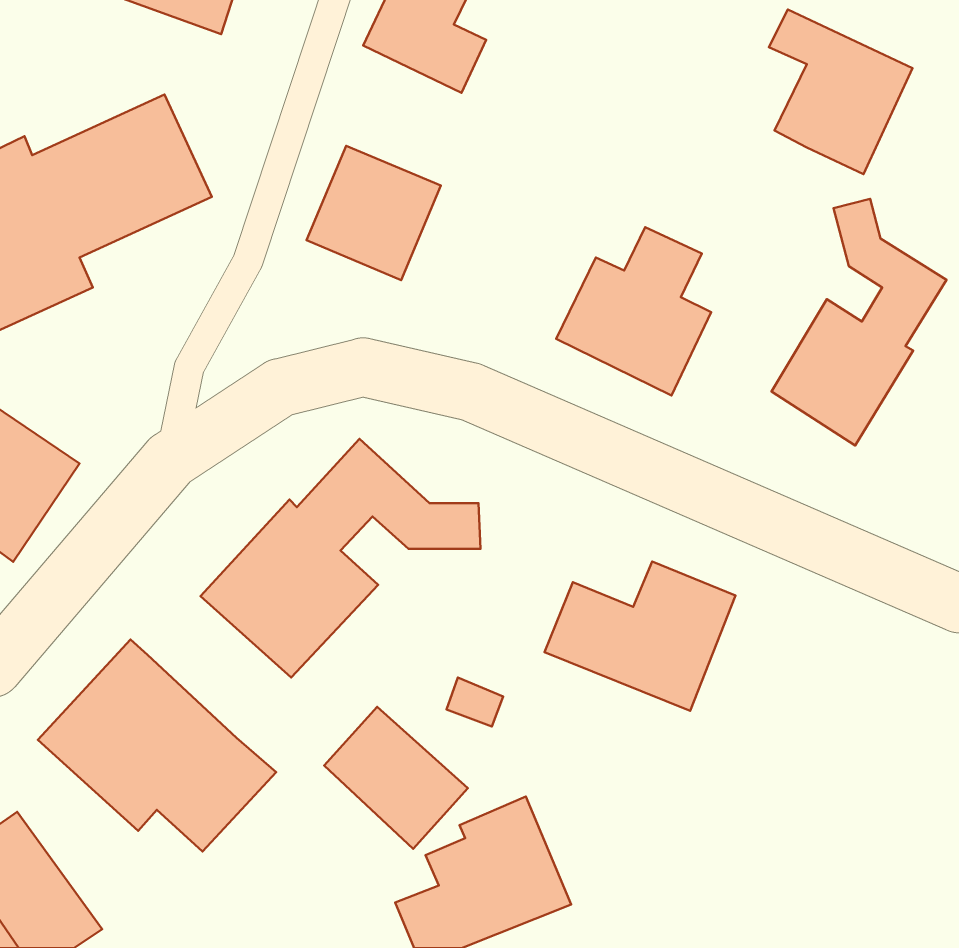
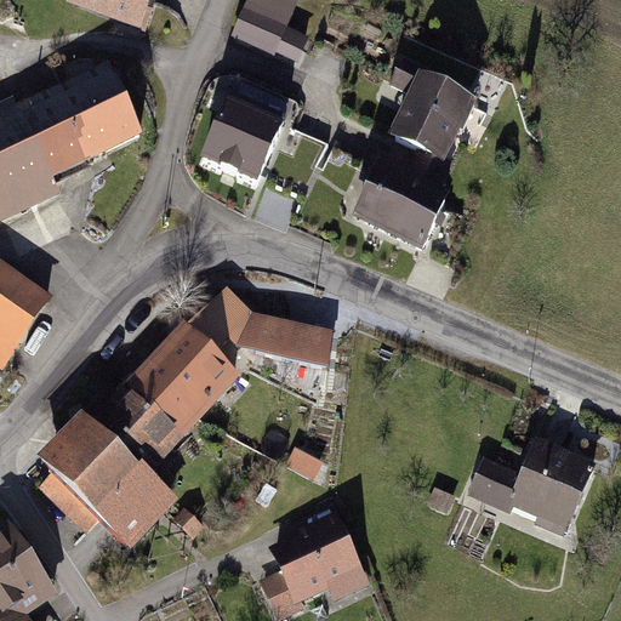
building: [769,9,913,174] -> [389,57,482,163]
building: [771,199,946,445] -> none
building: [544,561,735,711] -> [468,440,591,536]
building: [324,707,468,849] -> [95,382,187,473]

